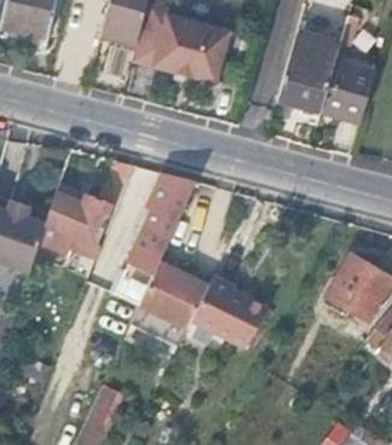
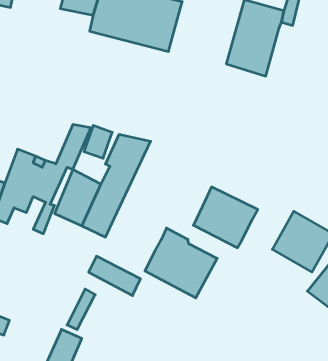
building: [321,58,376,122] -> none
building: [139,262,208,328] -> [193,187,258,248]

